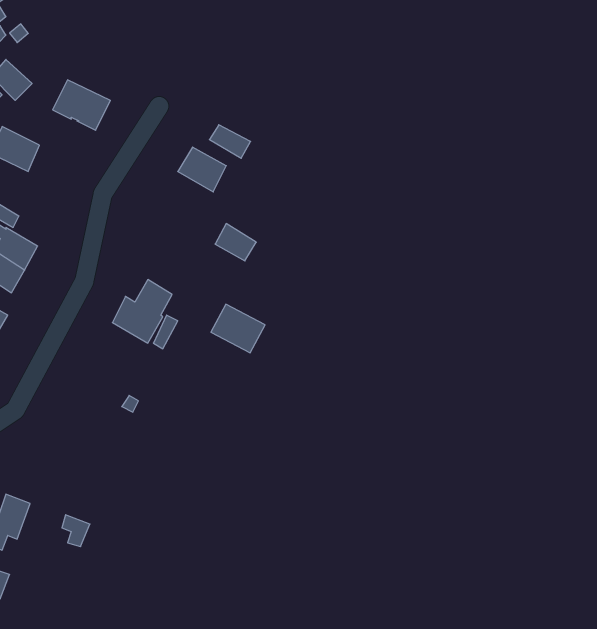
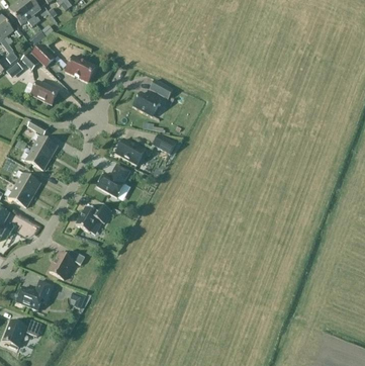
building: [211,304,265,353] -> [115,138,145,164]
building: none -> [75,202,111,232]
building: none -> [49,249,84,279]

